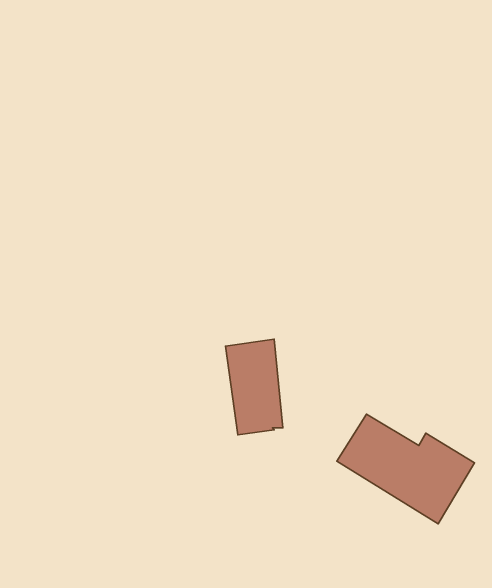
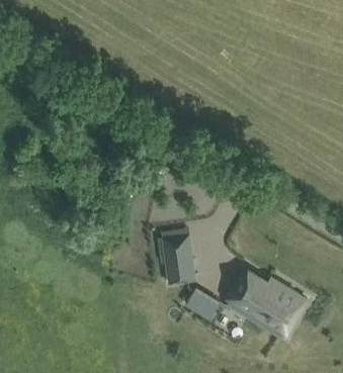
building: none -> [185,289,219,319]

